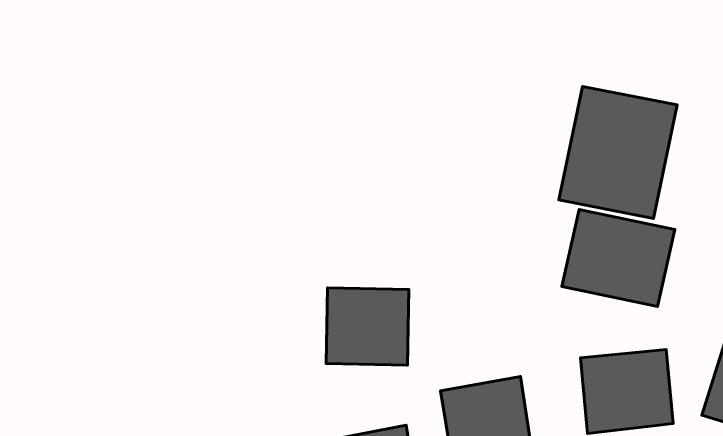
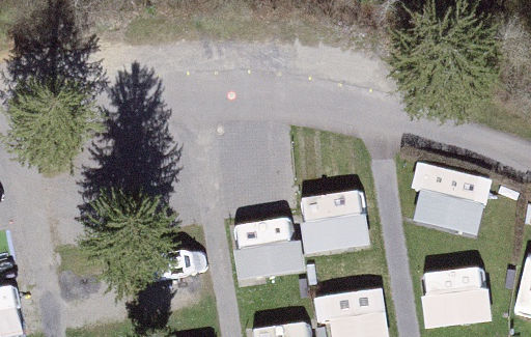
building: [559,86,677,218] -> none
building: none -> [299,188,371,255]

